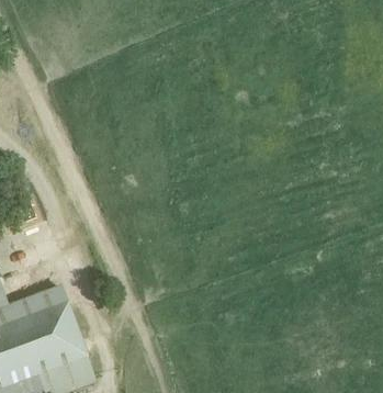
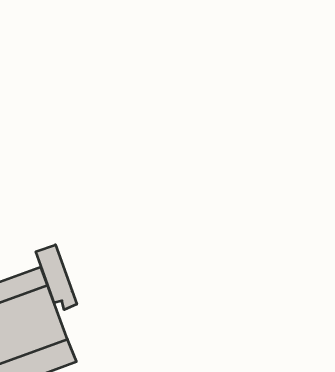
building: none -> [36,245,77,310]

